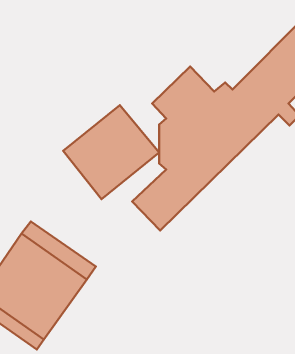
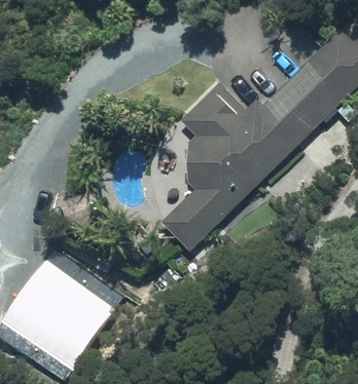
building: [63,105,159,199] -> none

